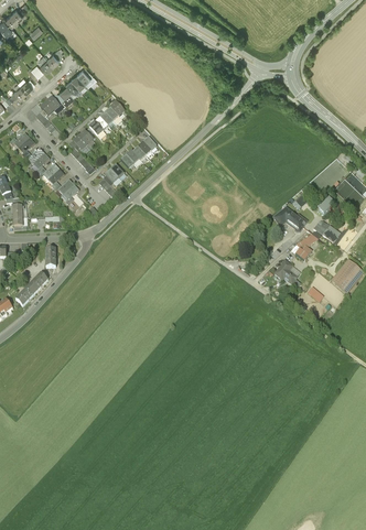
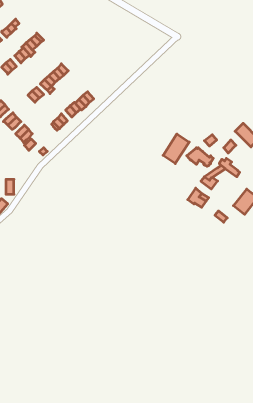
building: none -> [163,134,189,164]

